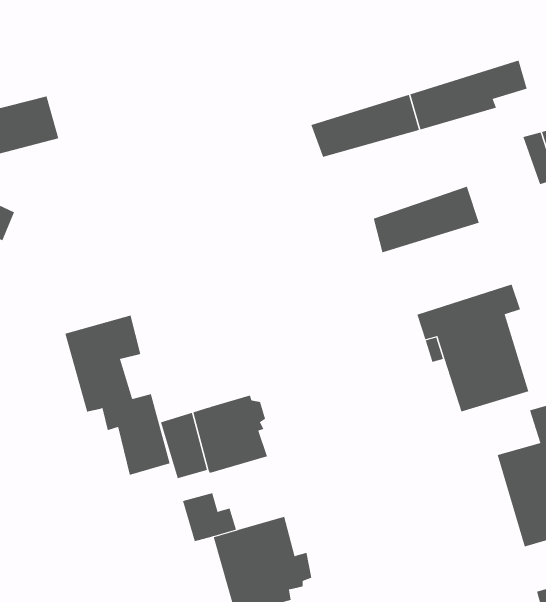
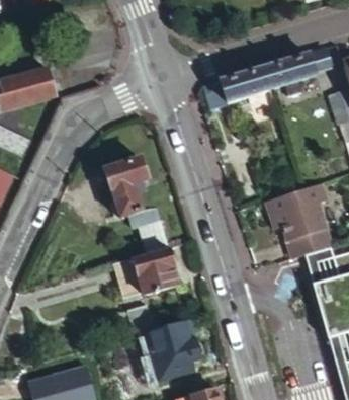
building: [373,186,479,253] -> none
building: [64,315,170,475] -> [105,160,168,255]

